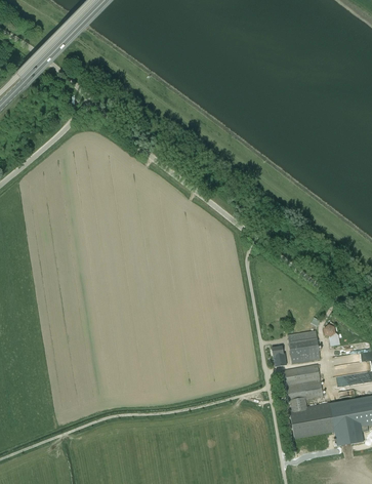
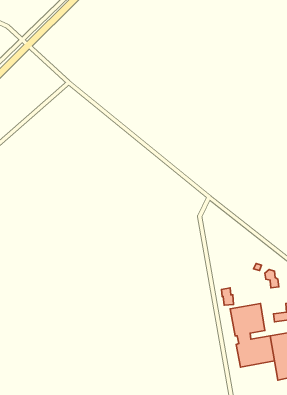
building: [288,330,320,364] -> none

